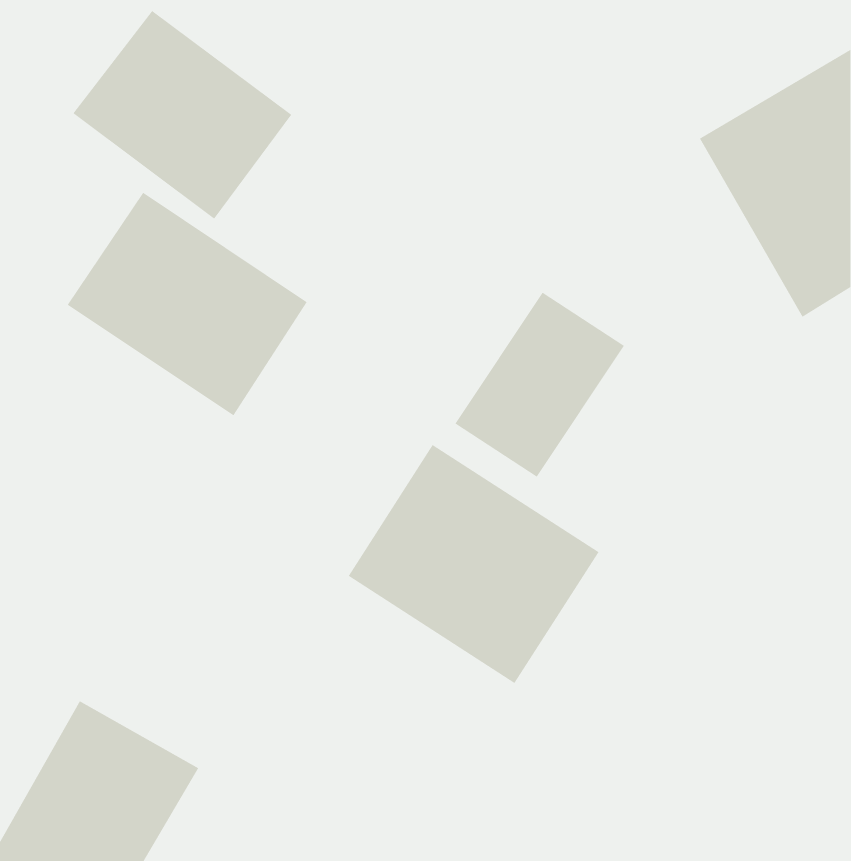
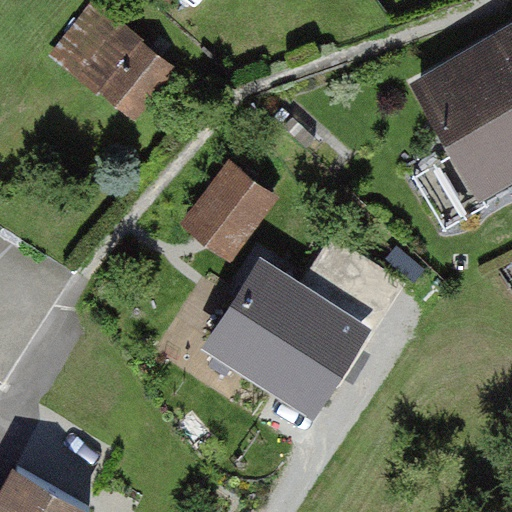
building: [67,192,308,416] -> none
building: [454,292,625,477] -> [186,148,287,258]

